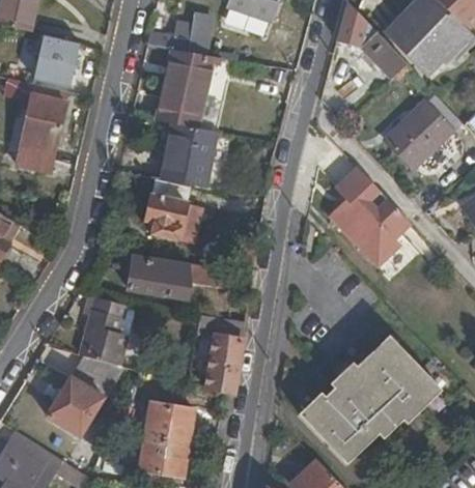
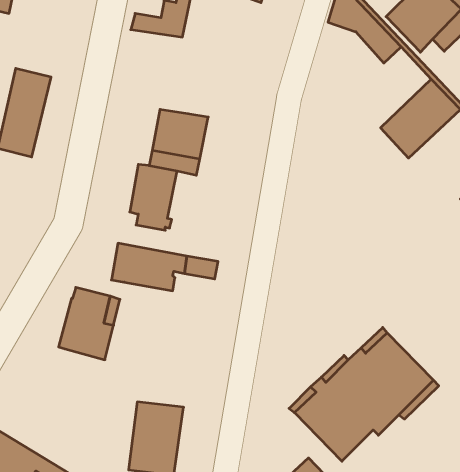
building: [33,36,79,86] -> none
building: [161,52,220,128] -> none
building: [332,167,413,270] -> none
building: [196,311,245,395] -> none
building: [46,354,121,435] -> none

